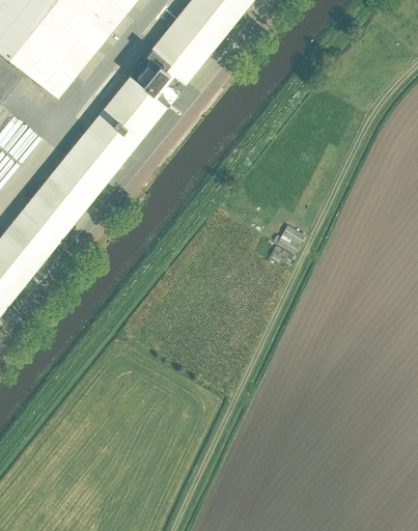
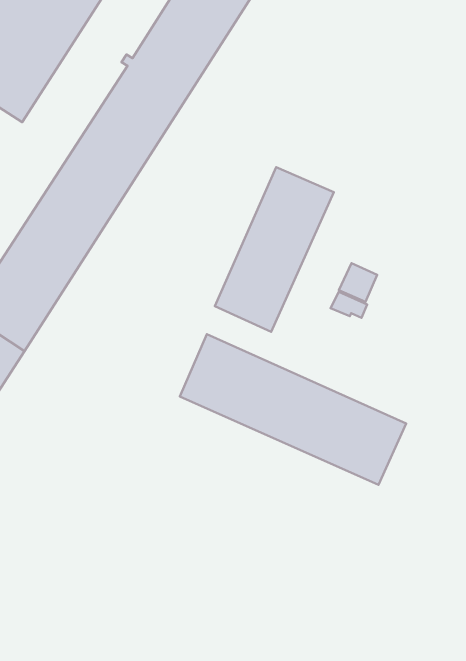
building: none -> [215,167,334,332]
building: none -> [180,334,406,485]

